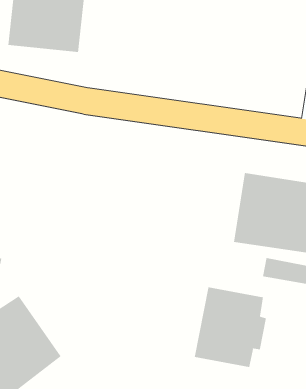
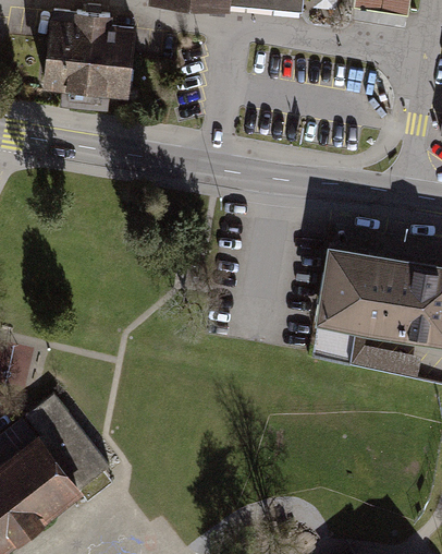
building: [194,286,266,368] -> none

